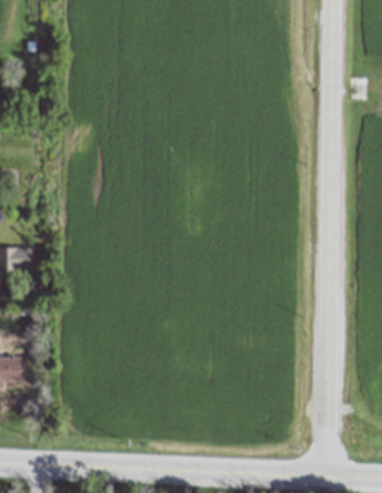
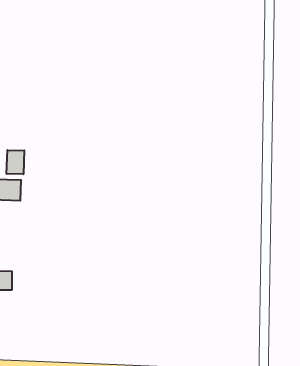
building: none -> [7,150,24,174]

